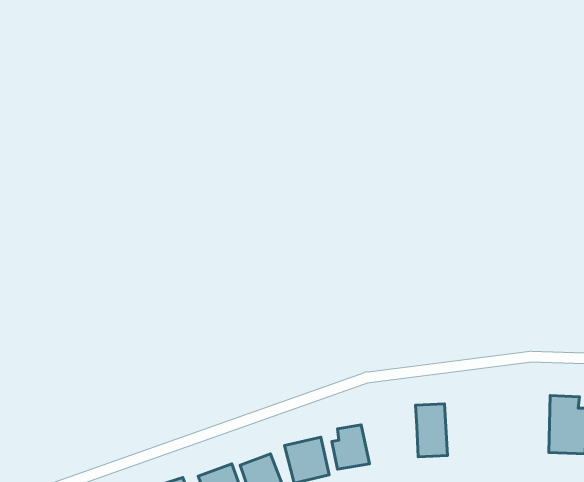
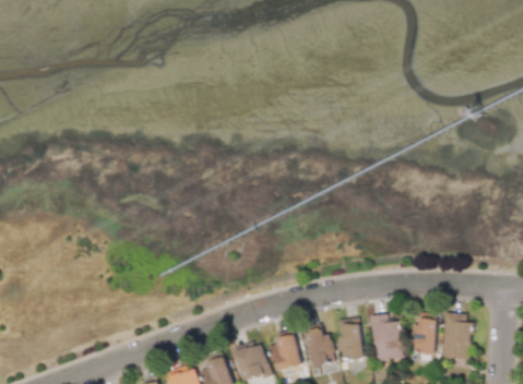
building: none -> [372,314,402,360]
building: none -> [414,319,436,353]
building: none -> [307,329,333,367]

